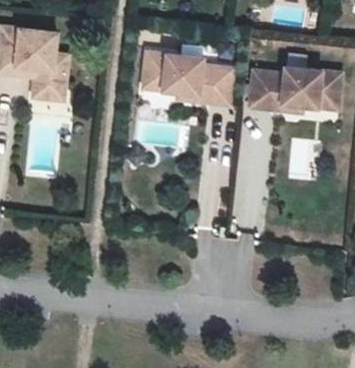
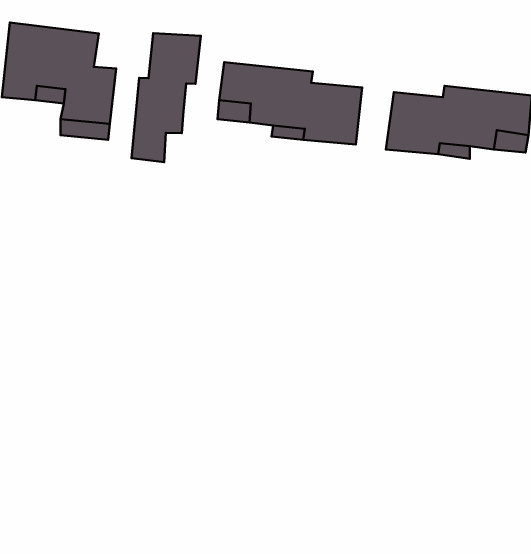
building: none -> [131,33,201,162]

